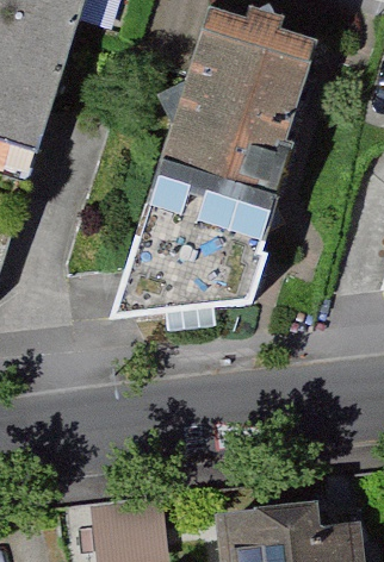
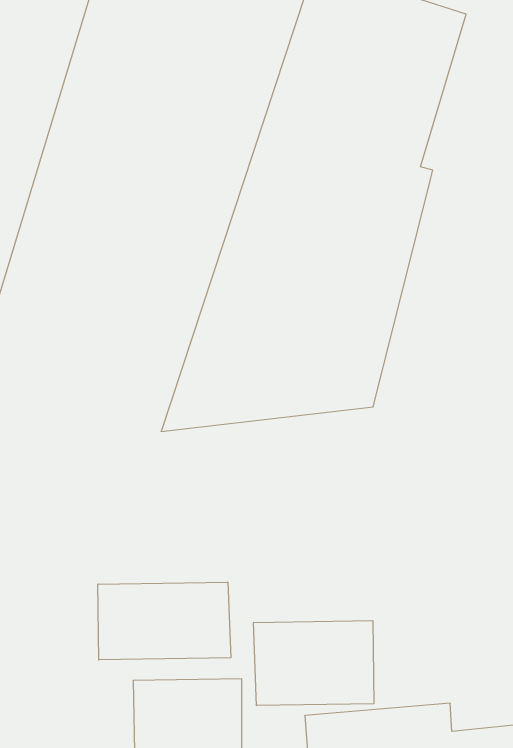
building: none -> [98,582,231,660]
building: none -> [254,621,374,706]

